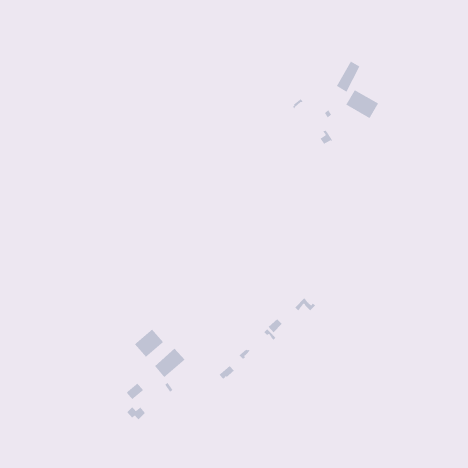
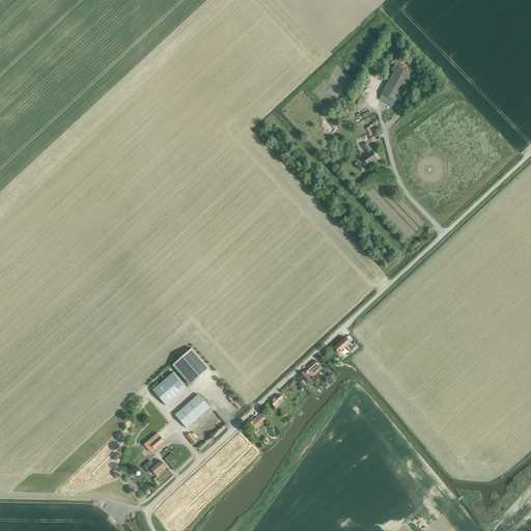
building: [345,89,379,119] -> none
building: none -> [172,347,208,385]

